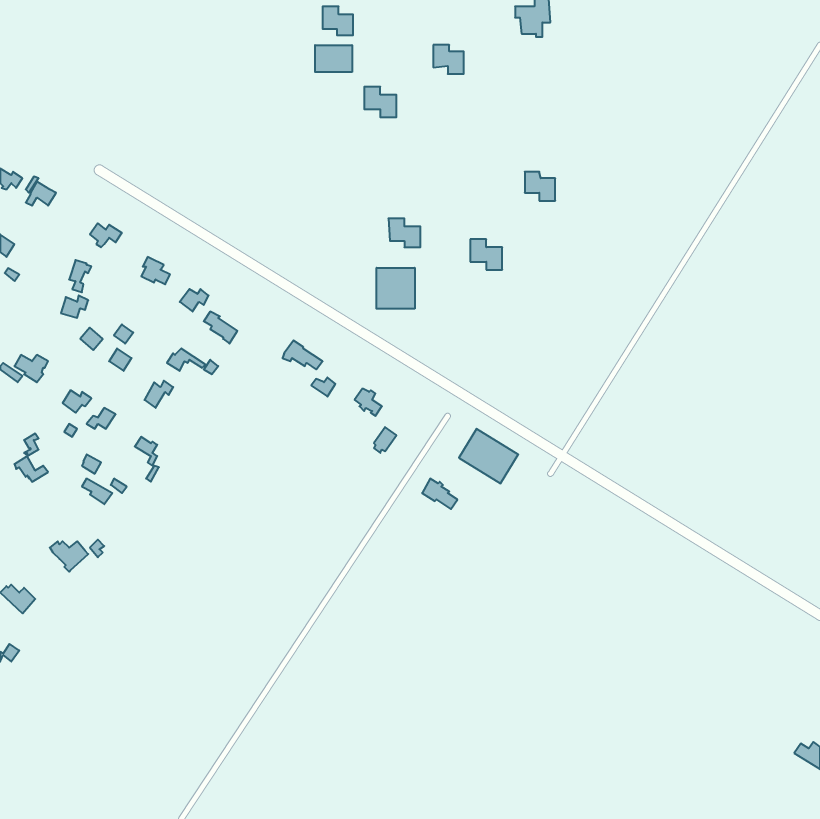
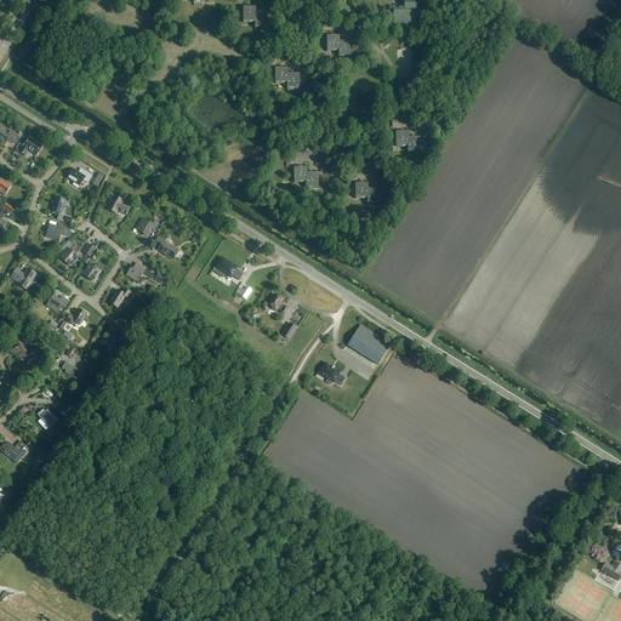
building: [315,45,352,72] -> none
building: [376,268,415,309] -> none

